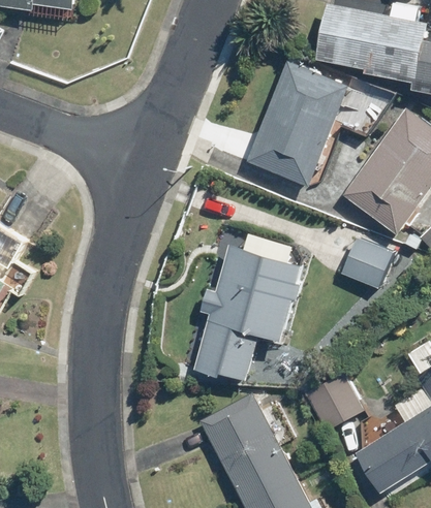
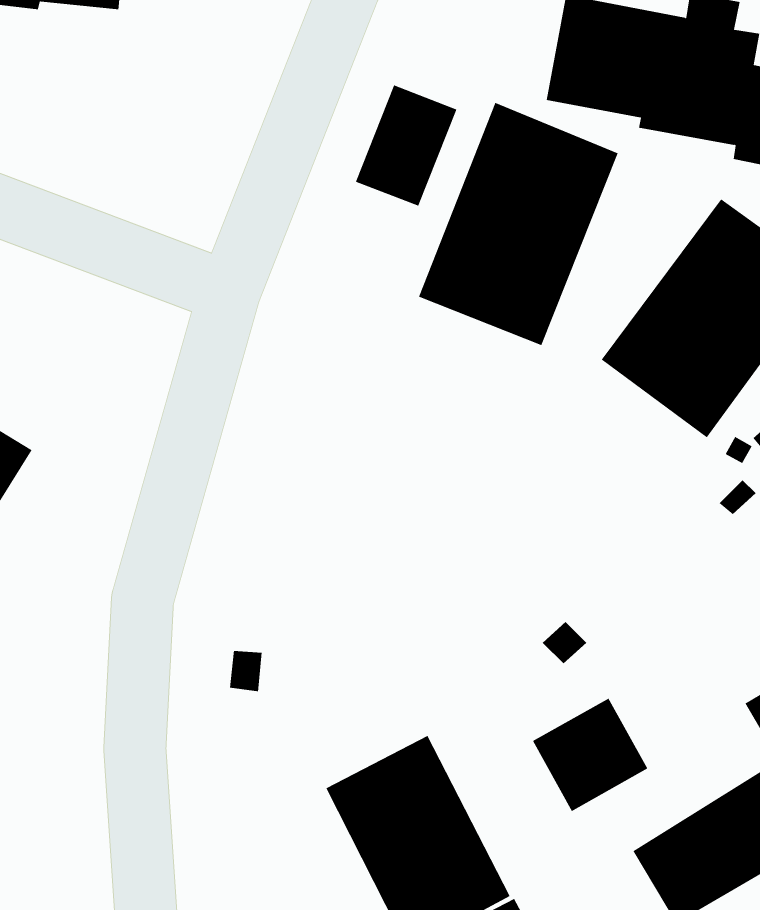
building: none -> [355,85,457,206]
building: [343,237,405,287] -> none
building: [191,246,300,382] -> none

